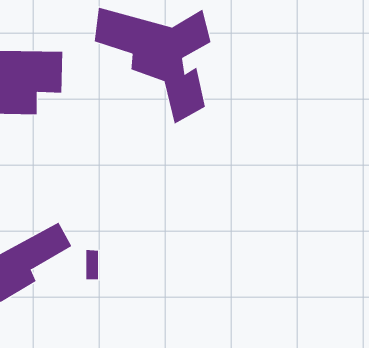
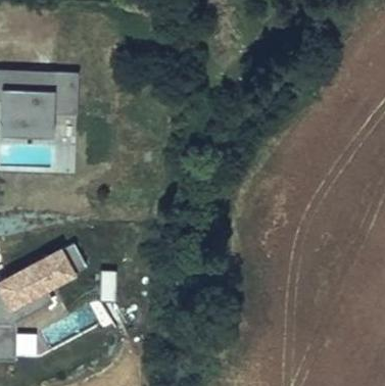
building: [94,7,211,125] -> none

